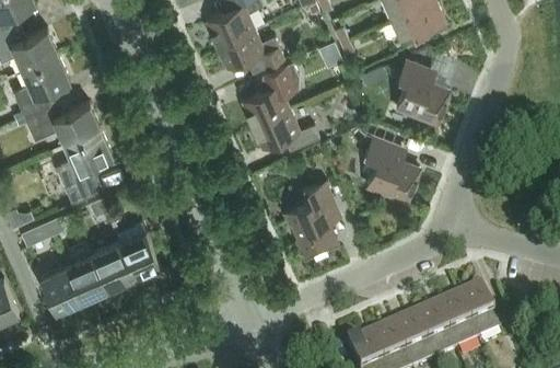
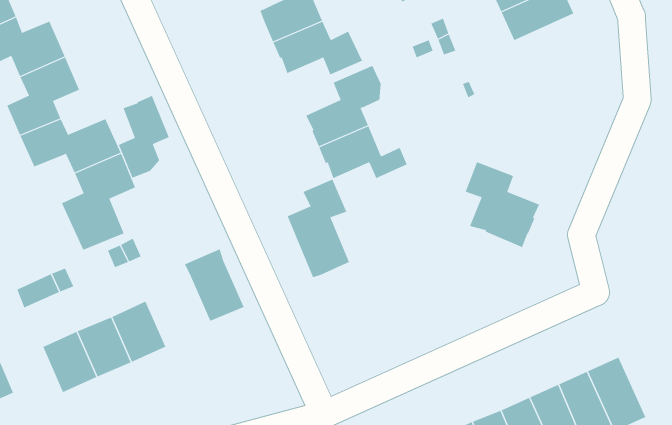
building: [395,59,448,124] -> none
building: none -> [118,95,170,178]
building: [289,181,337,256] -> [287,179,350,278]
building: [115,221,161,277] -> [184,248,244,322]

